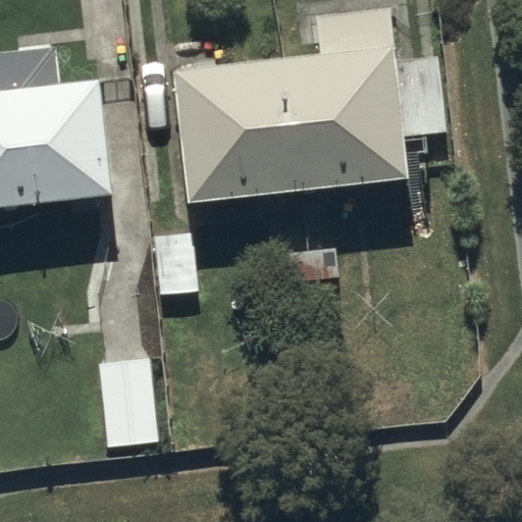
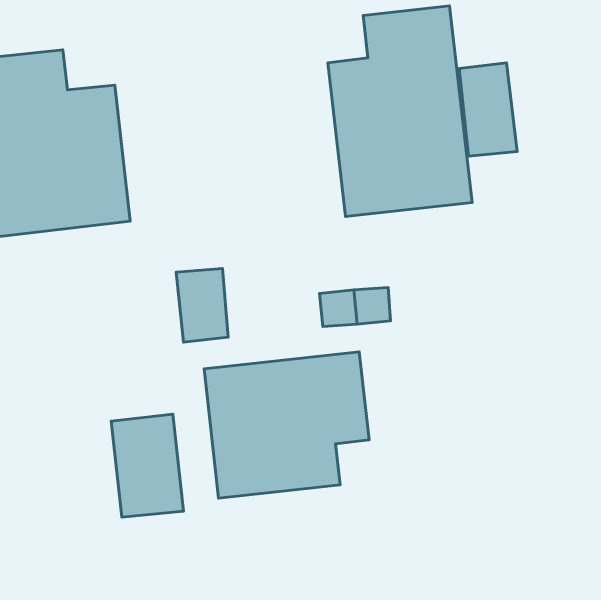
building: [172,58,298,204] -> none
building: none -> [204,352,369,498]

